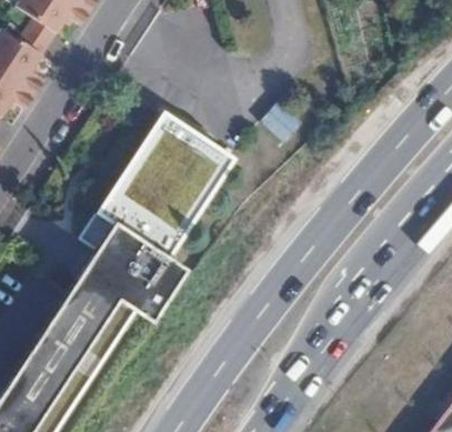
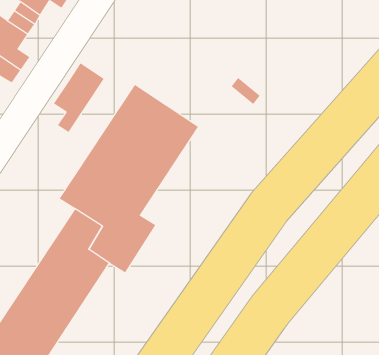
building: none -> [53,63,104,133]

